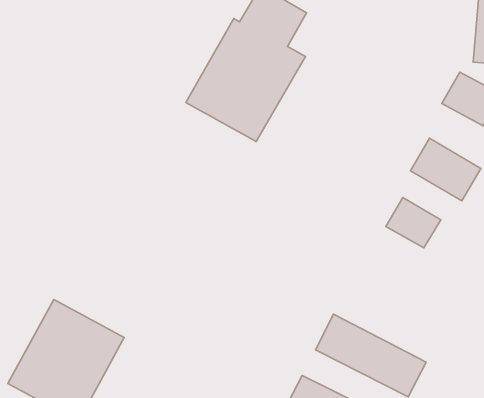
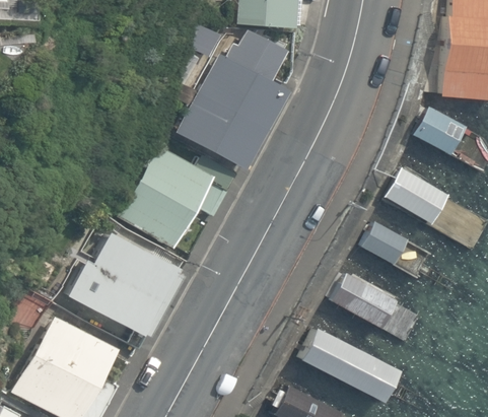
building: none -> [120,146,215,248]
building: none -> [75,238,168,333]
building: none -> [331,272,397,328]

